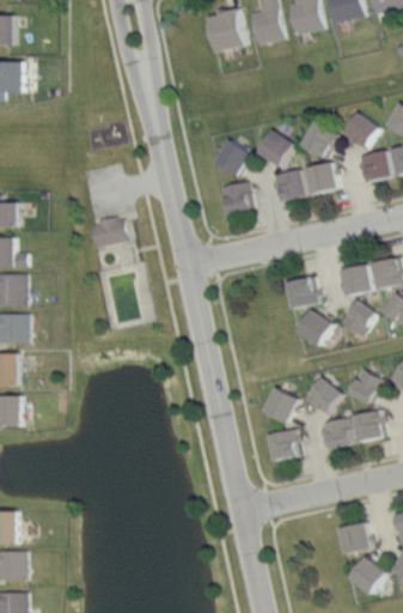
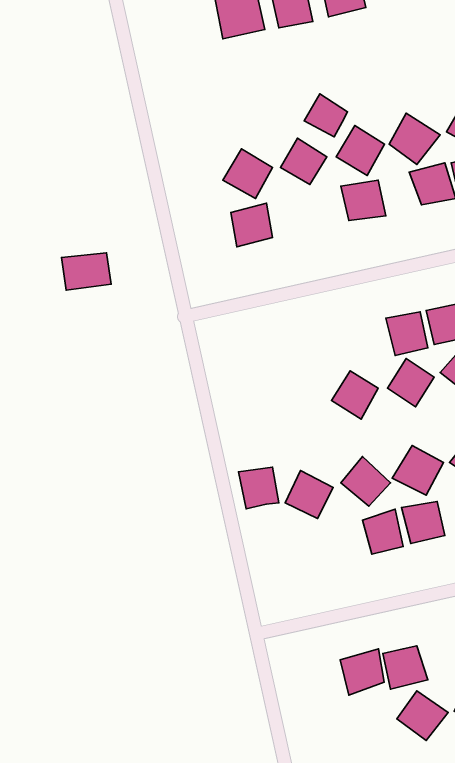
building: none -> [304,94,348,137]
building: [271,168,306,202] -> none
building: [283,277,318,309] -> none
building: [267,429,298,461] -> [238,467,279,509]
building: none -> [340,649,384,695]

